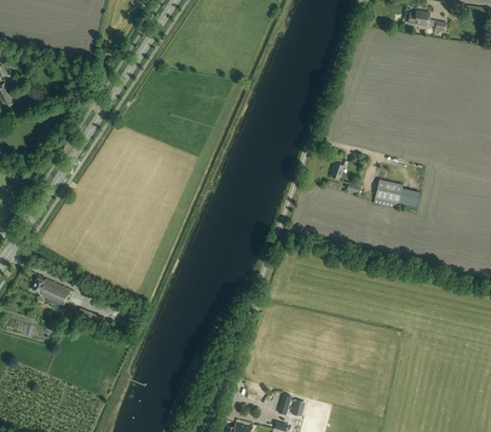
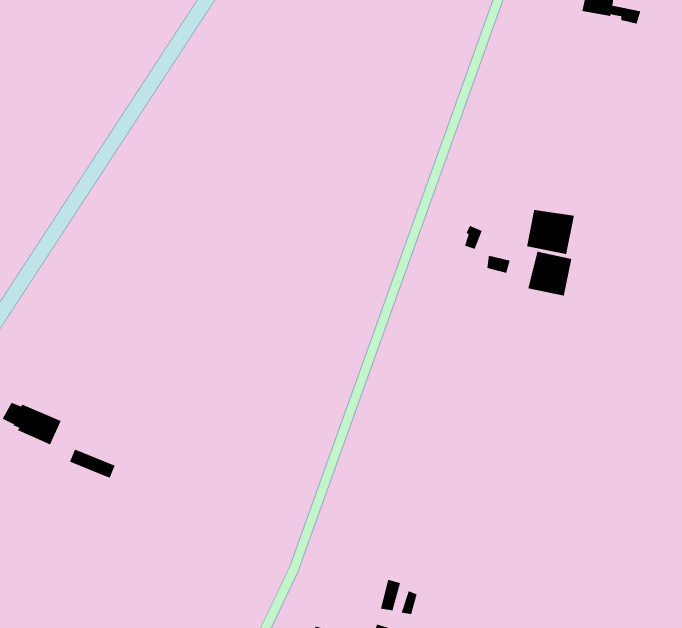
building: none -> [527,209,574,255]

